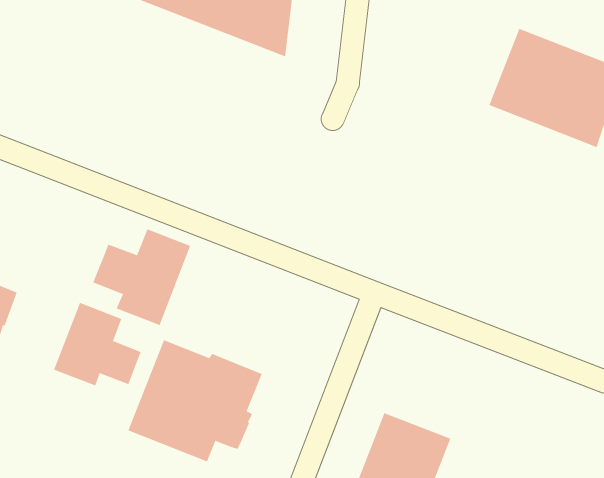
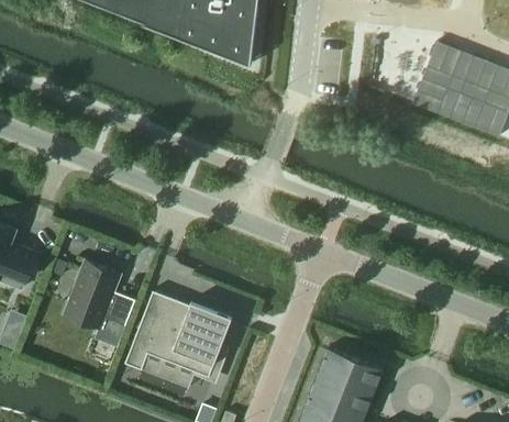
building: [93,229,191,326] -> none

